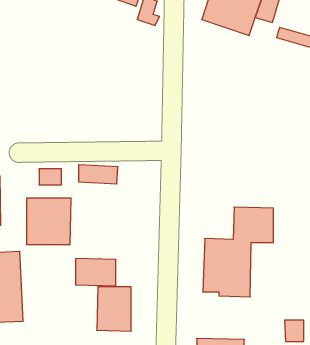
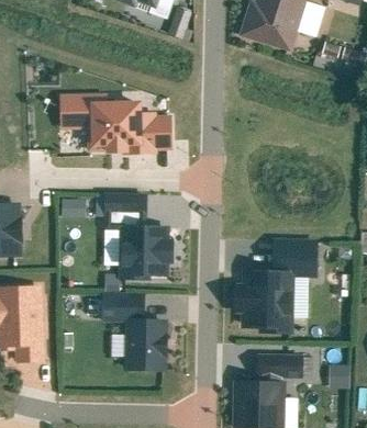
building: none -> [59,94,171,156]
building: [27,198,71,245] -> [120,227,168,278]
building: none -> [257,356,303,379]

